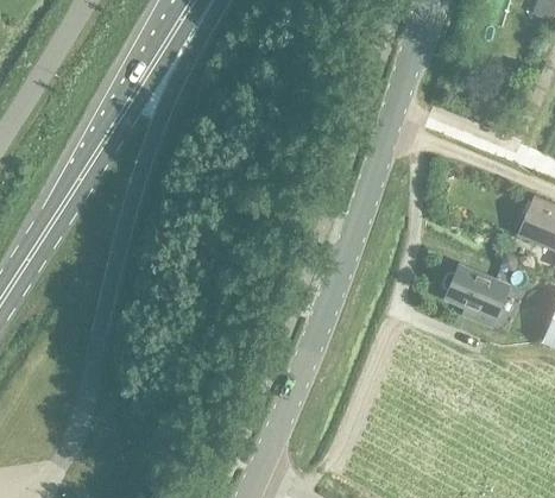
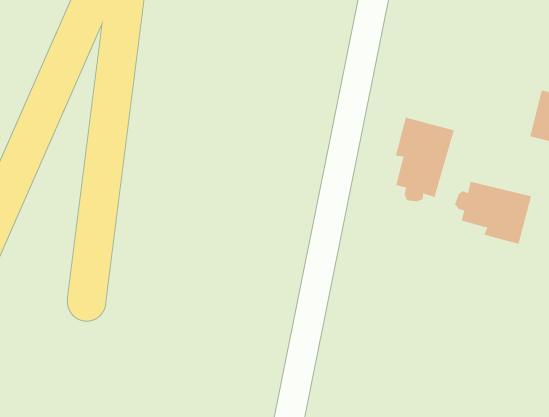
building: none -> [395,117,455,202]

